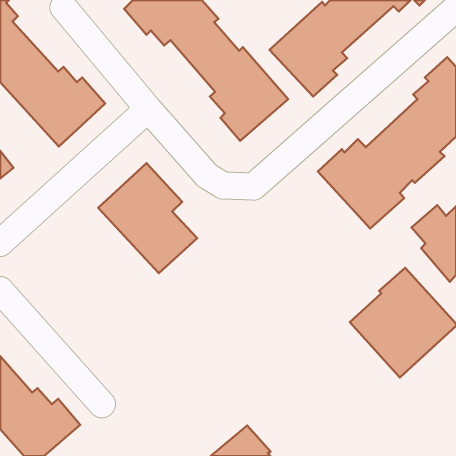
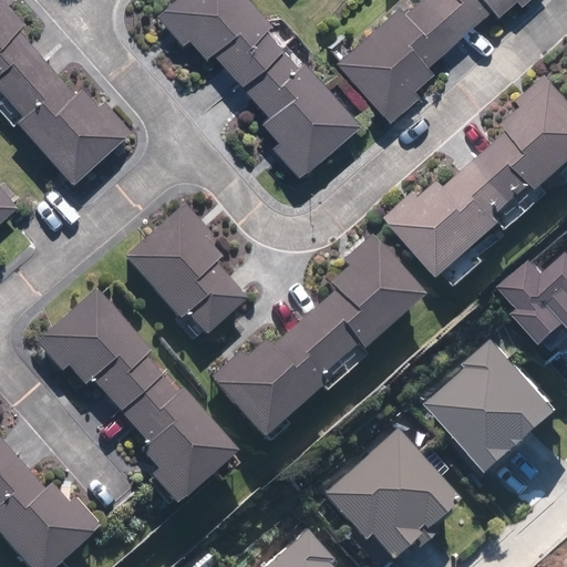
building: none -> [208,235,421,440]
building: none -> [31,288,237,504]
building: none -> [322,429,457,555]

